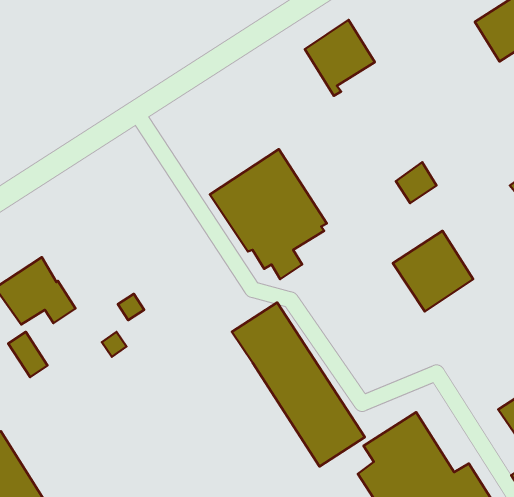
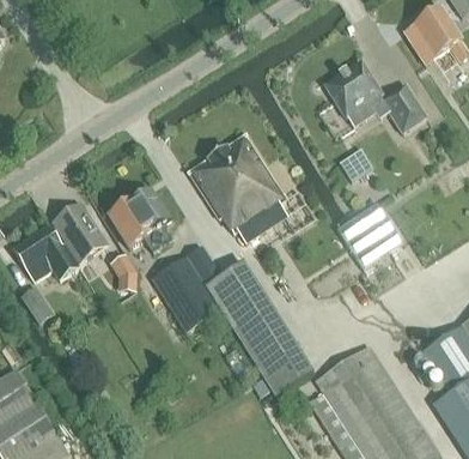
building: [305,20,375,96] -> [324,60,382,122]
building: none -> [382,85,426,133]
building: none -> [108,188,171,252]
building: none -> [54,205,106,274]
building: none -> [152,247,223,333]

